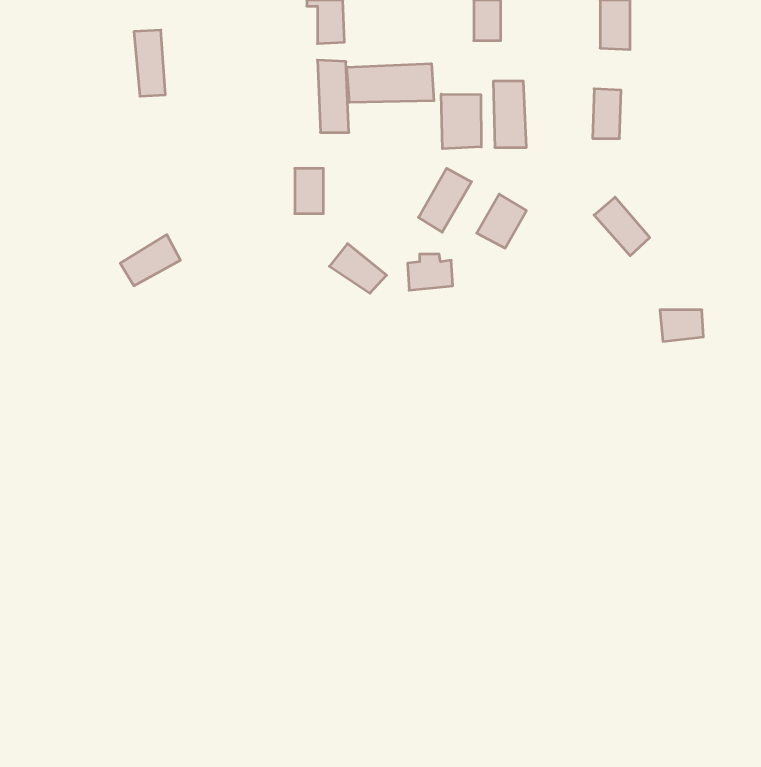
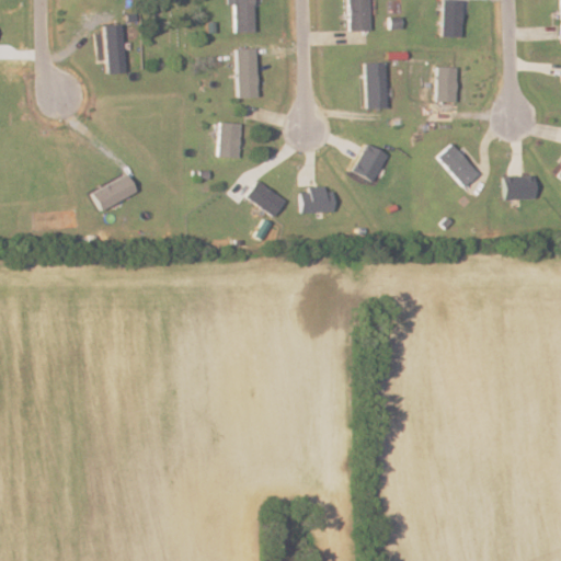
building: [347,64,434,102] -> none
building: [441,94,481,149] -> none
building: [418,168,472,232] -> none
building: [660,310,703,341] -> [504,176,536,199]

